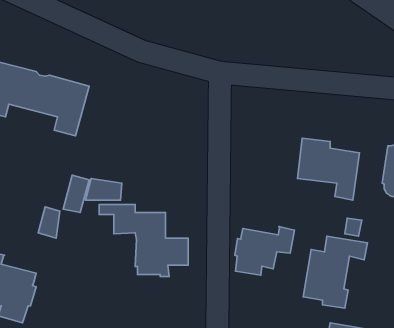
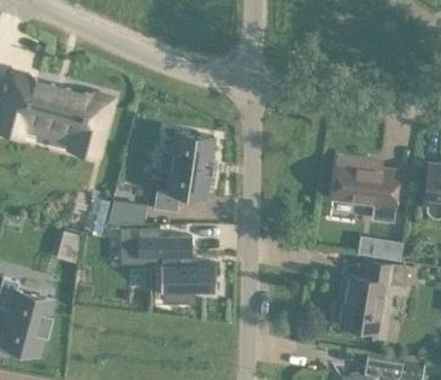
building: none -> [153,131,213,211]
building: [235,227,295,275] -> none

